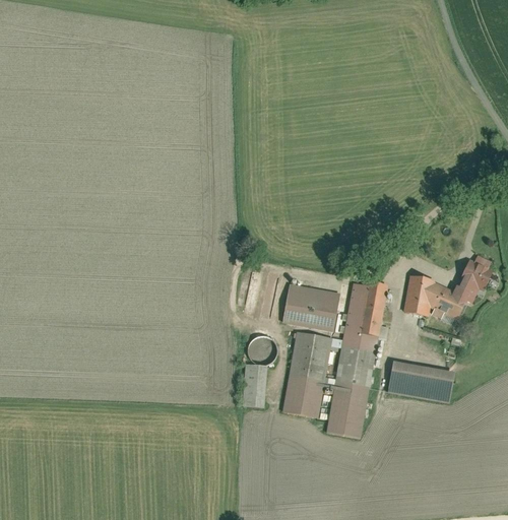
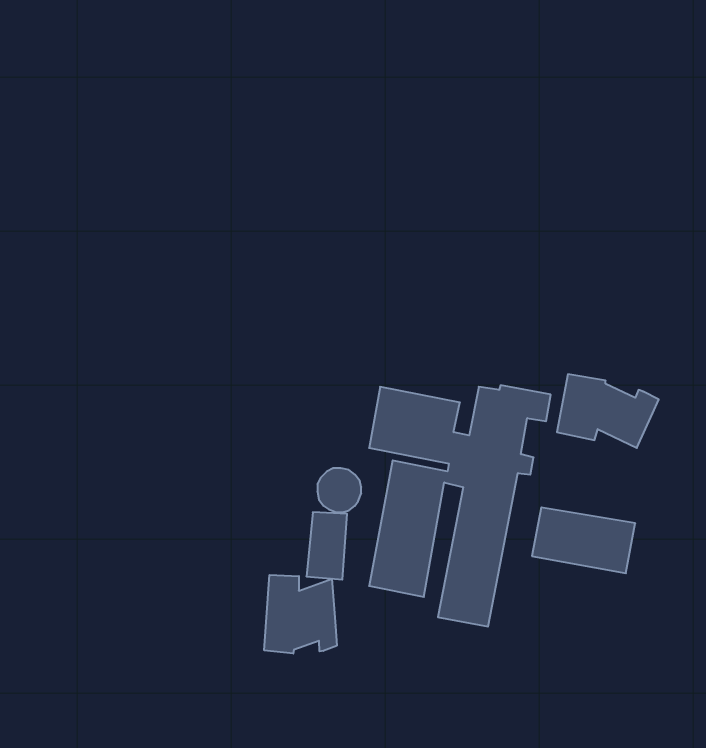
building: [459,253,493,303] -> none
building: none -> [264,575,337,654]

